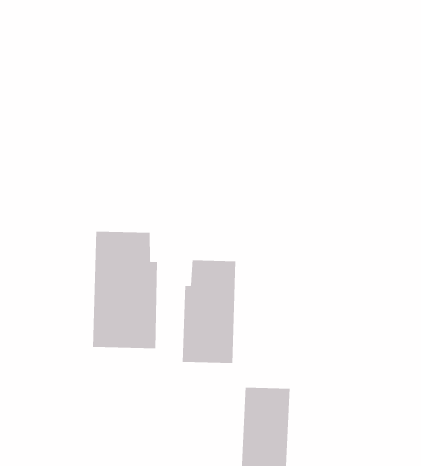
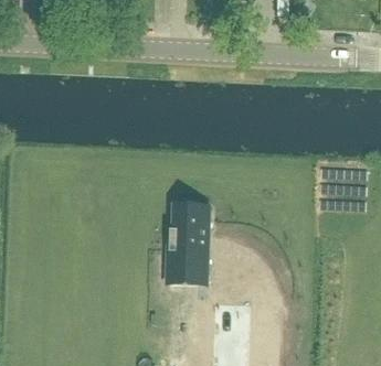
building: [92,231,158,349] -> none

